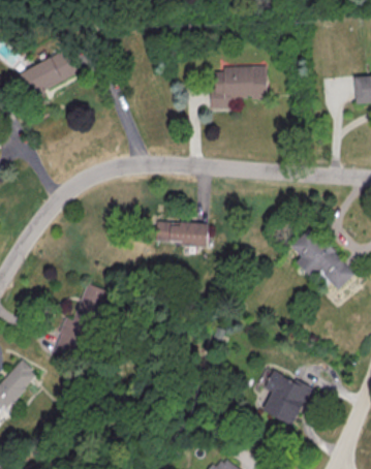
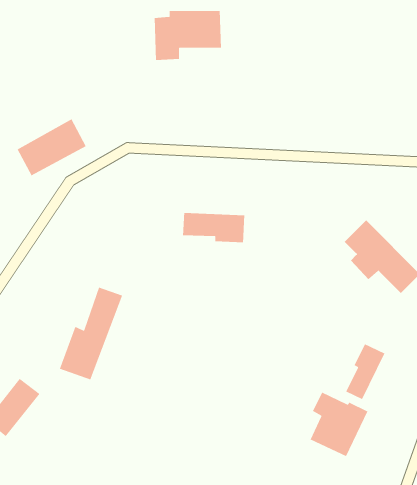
building: [18,49,76,97] -> [16,118,87,176]
building: [210,66,267,108] -> [154,10,222,61]
building: none -> [345,343,385,400]

